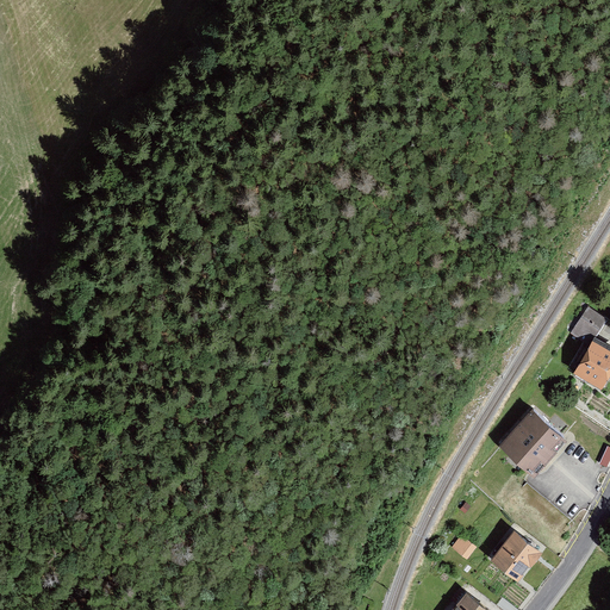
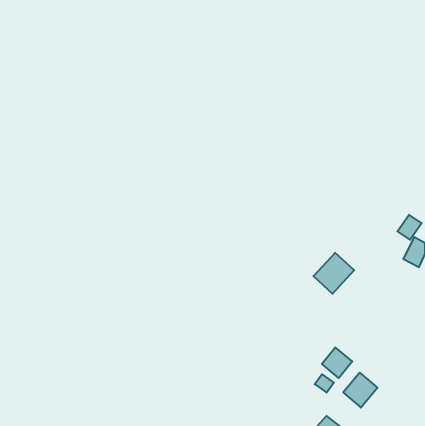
building: [502,411,560,469] -> [313,253,354,294]
building: none -> [322,347,352,378]

